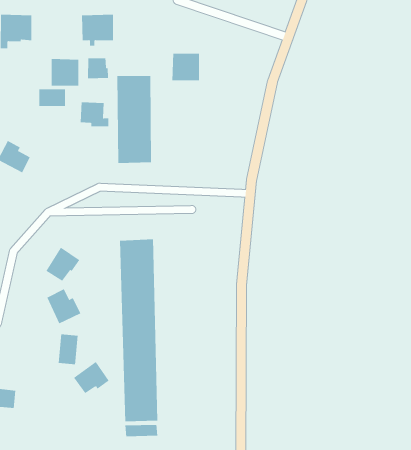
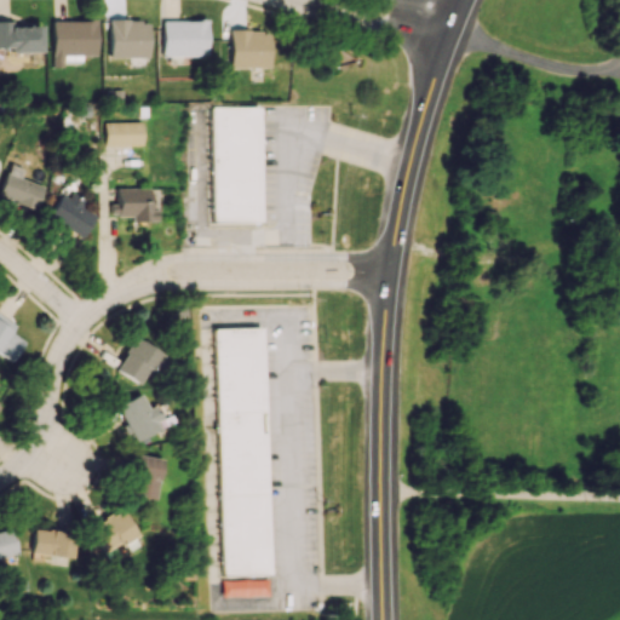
building: [172,53,200,81] -> [234,31,272,69]
building: [88,57,109,79] -> none
building: [51,59,79,86] -> [114,21,153,58]
building: [80,102,109,127] -> [120,189,160,223]
building: [73,361,110,394] -> [91,509,140,553]

